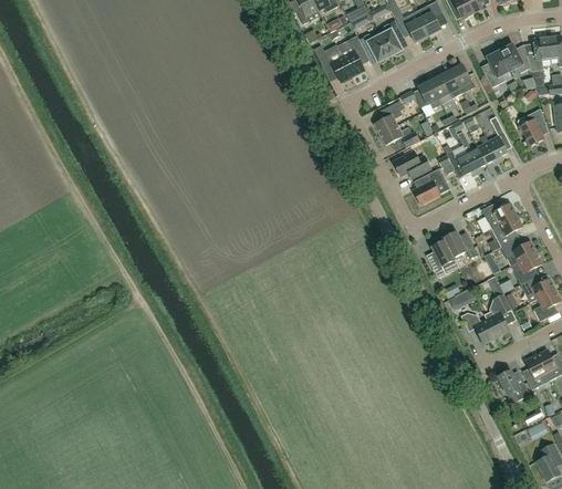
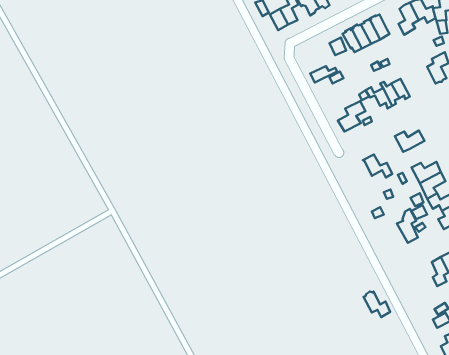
building: [373,100,404,134] -> none
building: [488,116,508,162] -> none
building: [393,150,430,178] -> none
building: [491,215,523,247] -> none
building: [431,239,455,278] -> none
building: [461,313,497,343] -> none
building: [498,370,530,400] -> [364,291,390,317]

